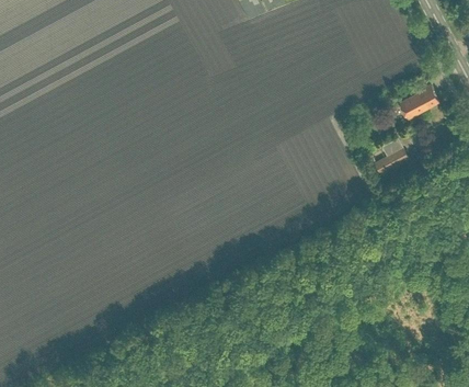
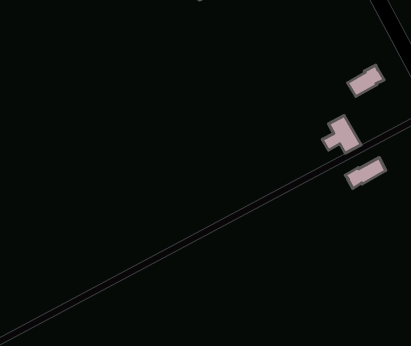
building: none -> [345,157,386,189]

